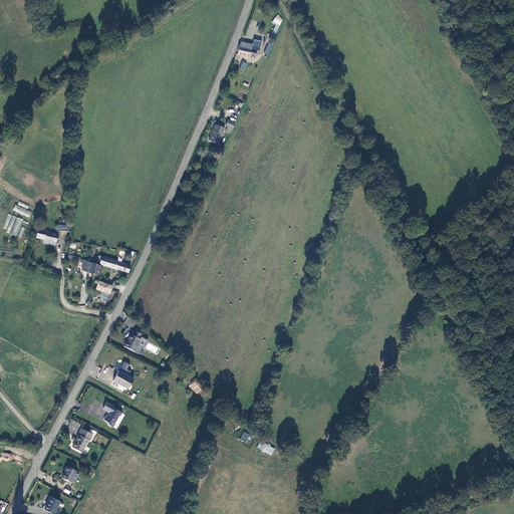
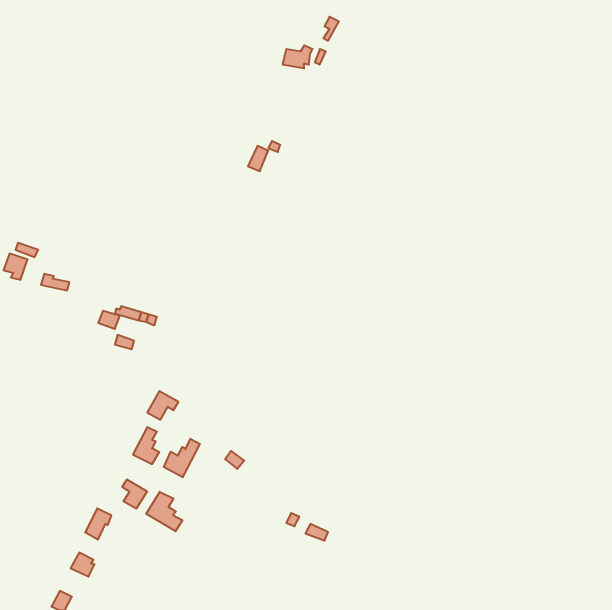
building: none -> [164,439,200,477]
building: none -> [146,492,182,531]

